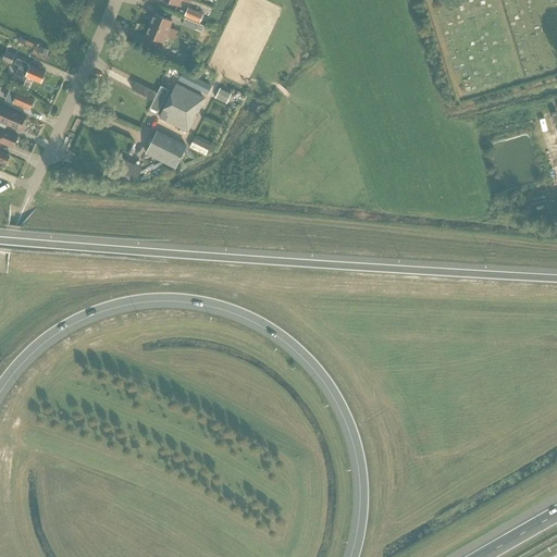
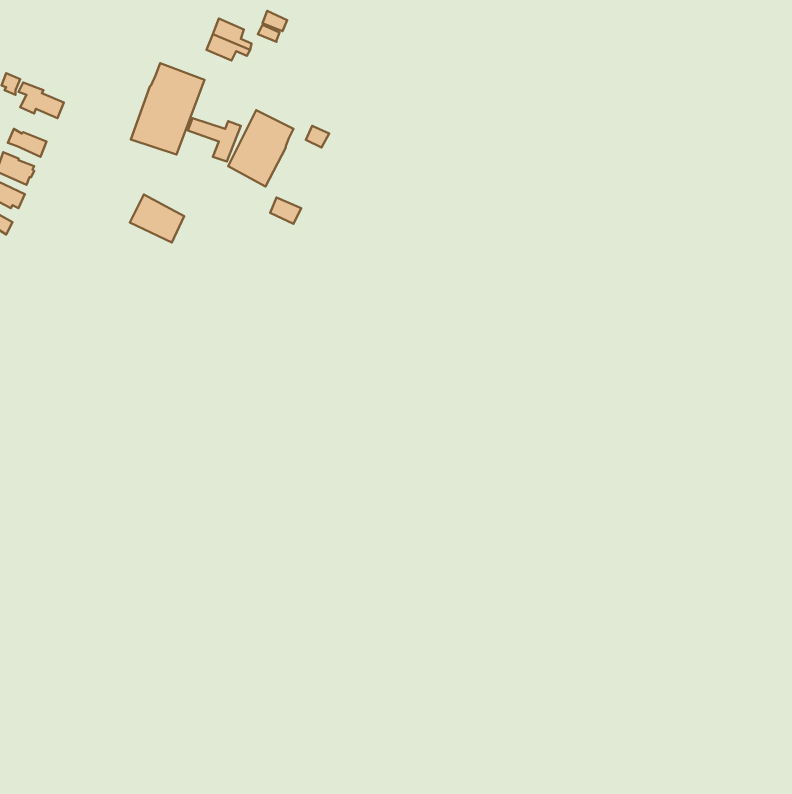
building: none -> [131,63,205,155]
building: [146,133,184,166] -> [130,194,184,243]

